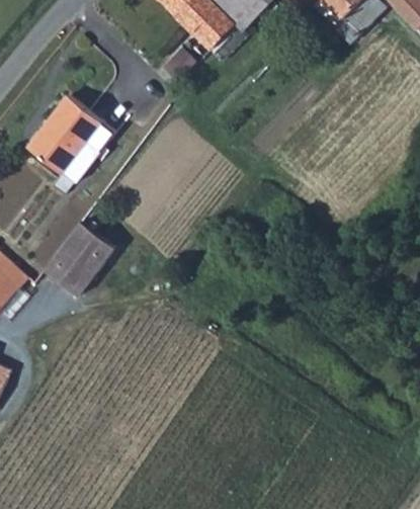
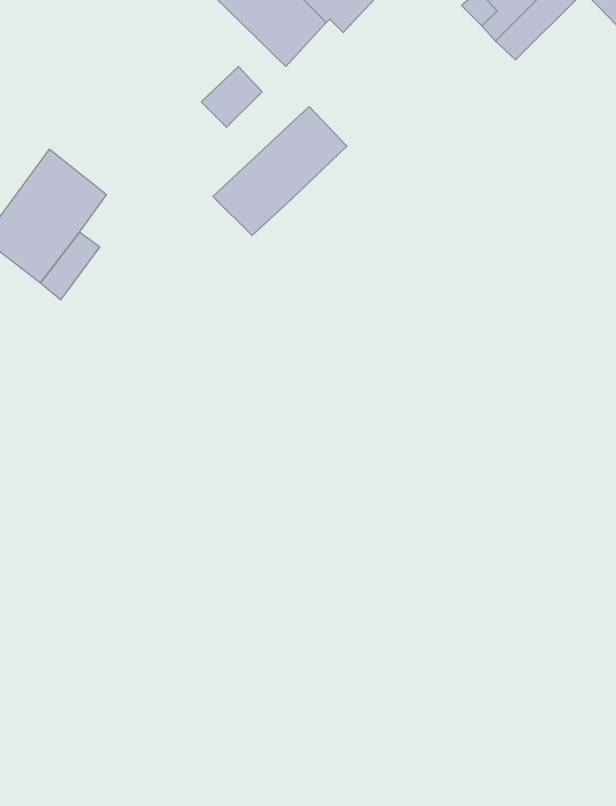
building: none -> [213,107,347,235]
building: [44,223,113,296] -> none

